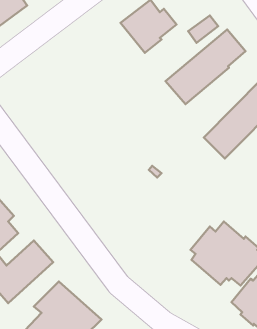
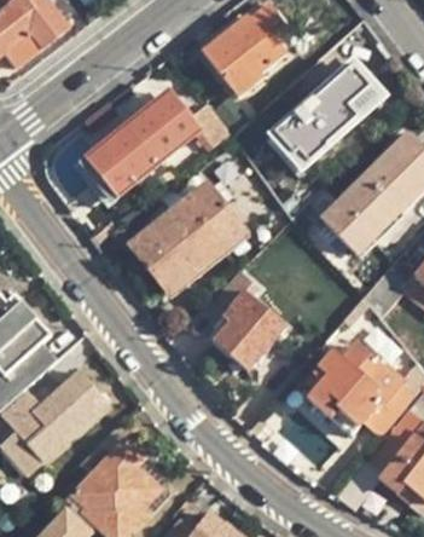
building: none -> [76,99,230,204]
building: none -> [132,185,243,289]
building: none -> [213,270,298,369]

